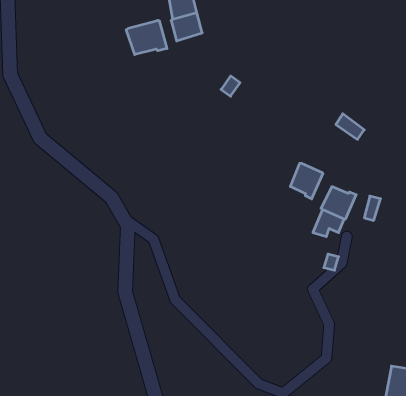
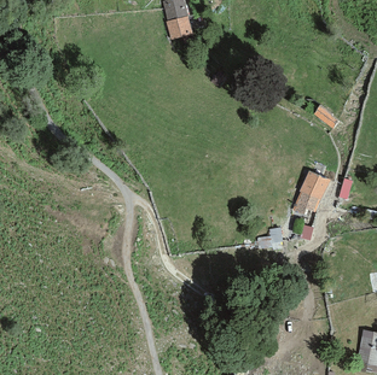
building: [126,20,167,55] -> none
building: [290,163,323,199] -> none

